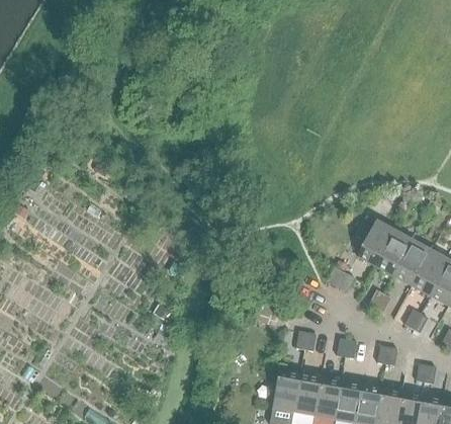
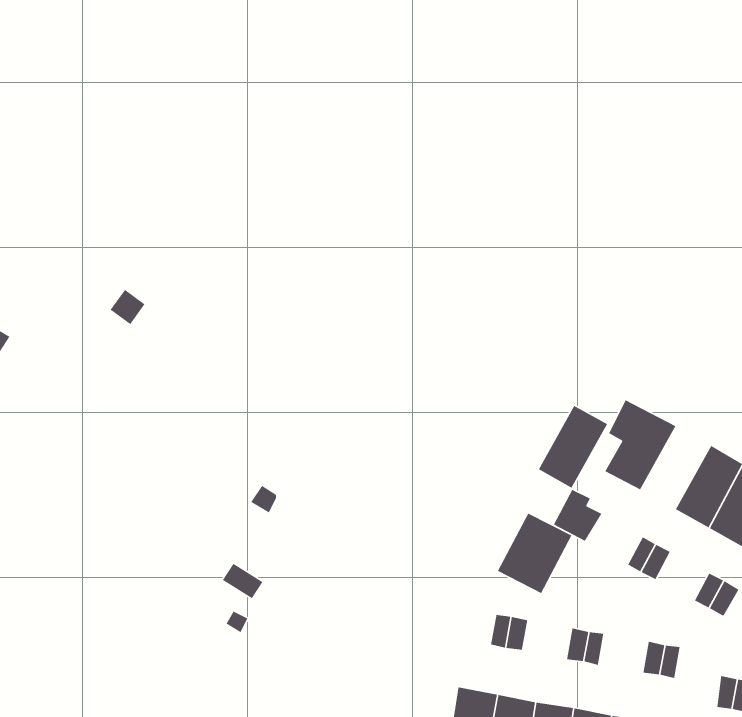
building: [376,232,414,276] -> [538,405,608,489]
building: none -> [497,512,573,594]

